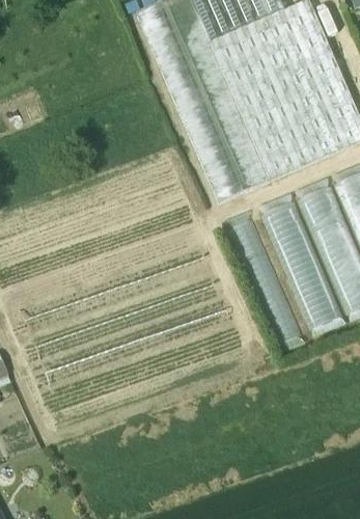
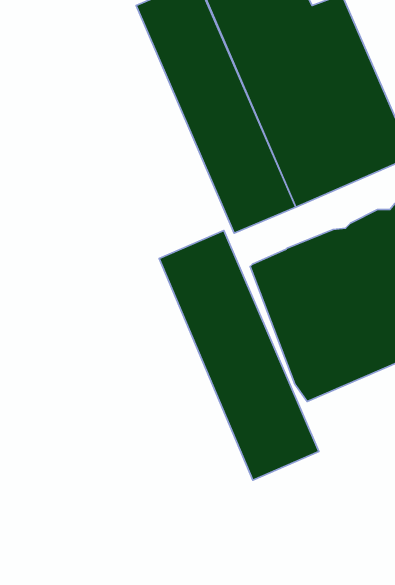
building: none -> [159,231,319,480]

